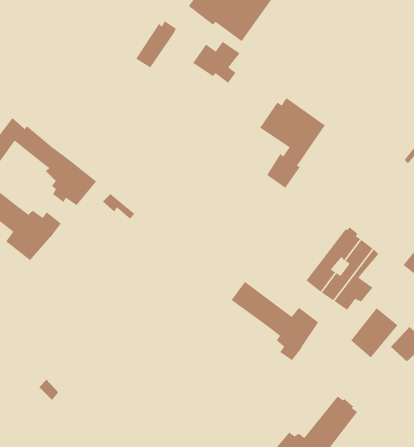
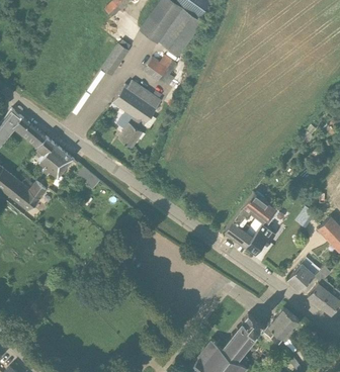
building: [259,97,326,189] -> [112,81,161,148]
building: [231,281,319,361] -> none
building: [350,307,399,358] -> [263,307,299,345]

